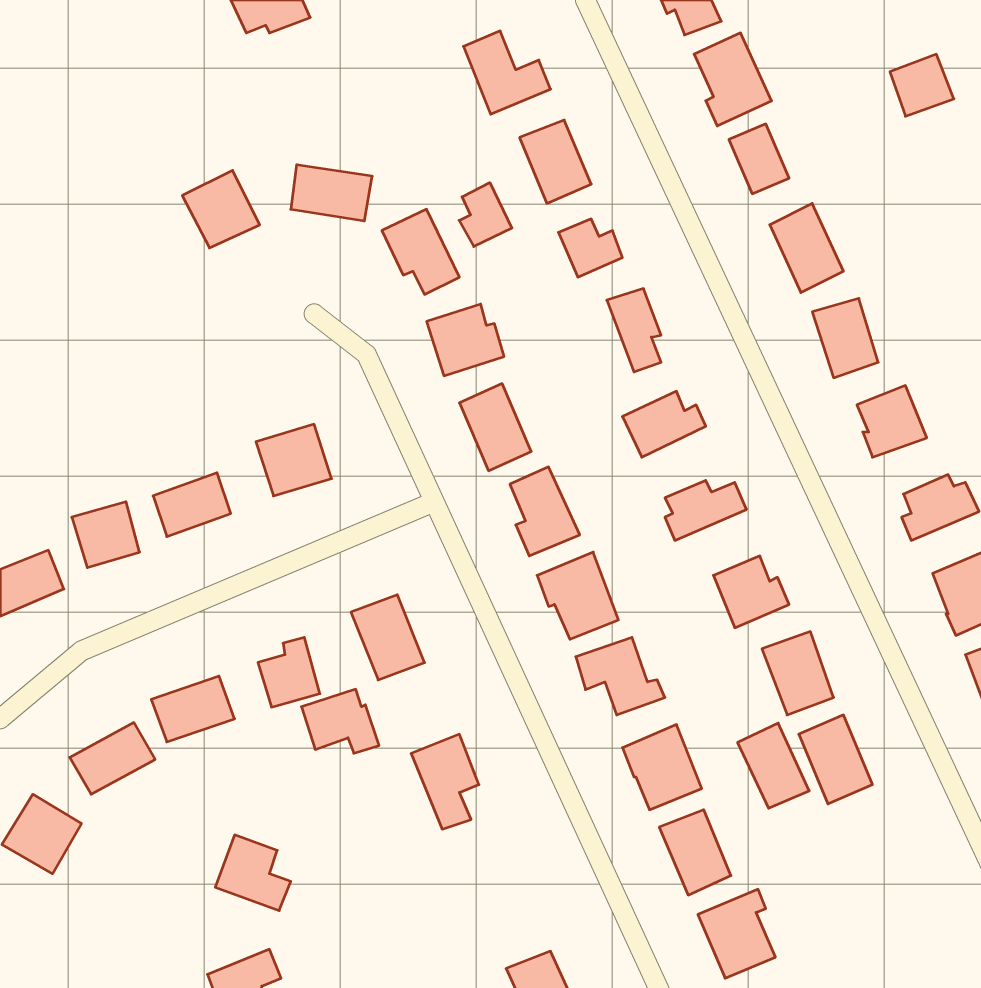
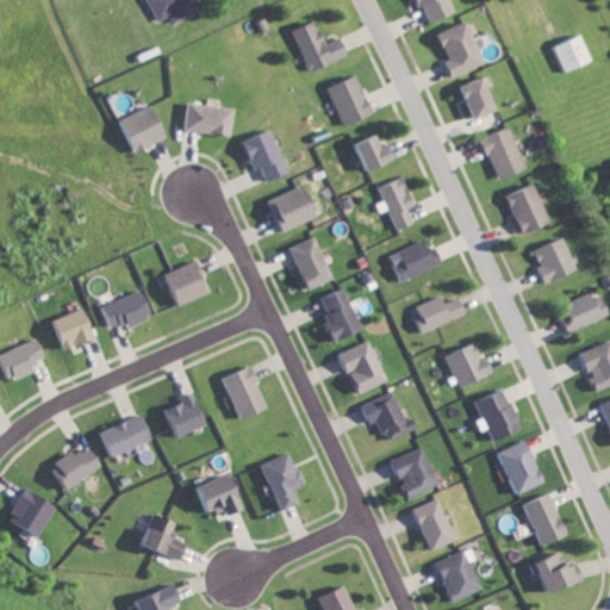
building: [459,183,512,247] -> none
building: [301,689,379,753] -> [193,477,241,516]
building: [738,723,809,808] -> [523,493,567,546]
building: none -> [533,554,581,592]

